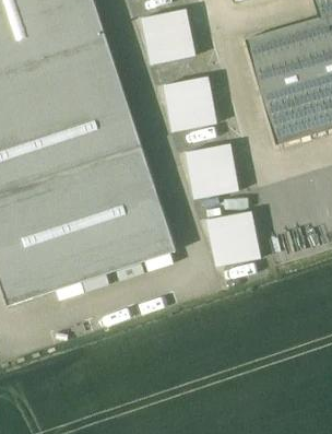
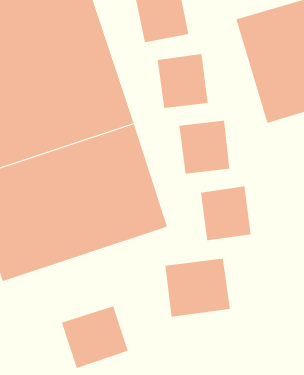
building: none -> [165,258,231,318]
building: none -> [61,306,128,369]

